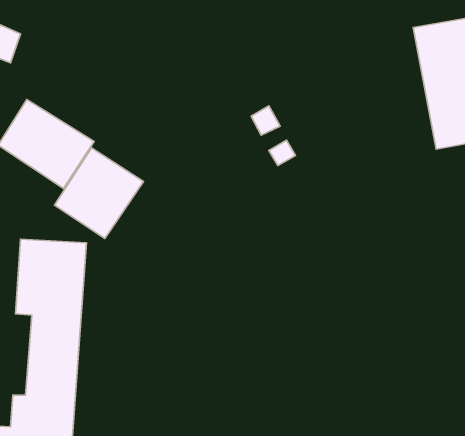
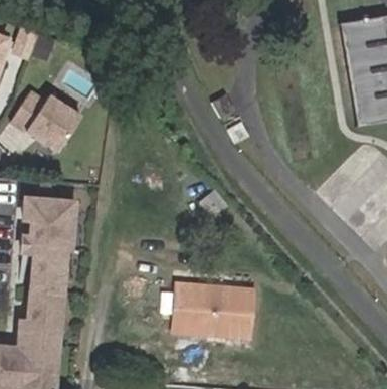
building: [54,148,144,238] -> none
building: none -> [171,289,248,338]

